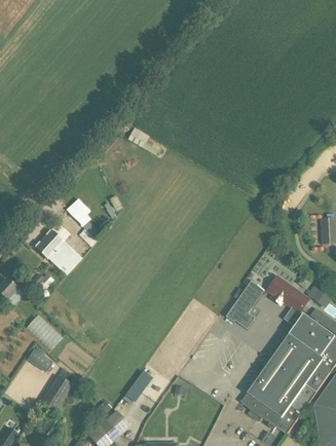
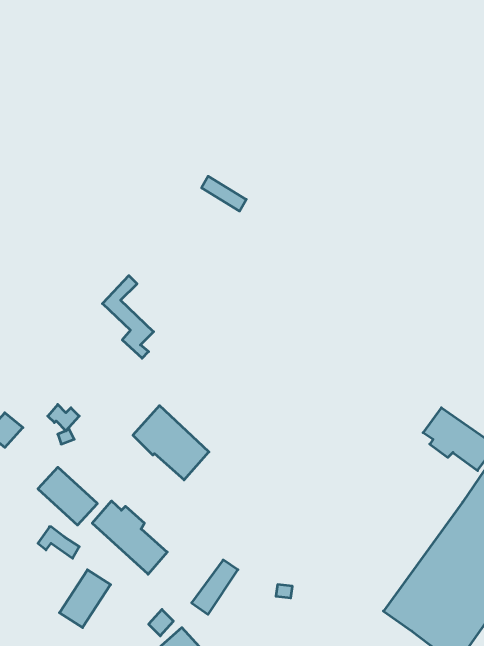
building: [34,227,81,273] -> [133,406,209,480]
building: [225,285,260,327] -> none
building: none -> [92,501,167,574]

